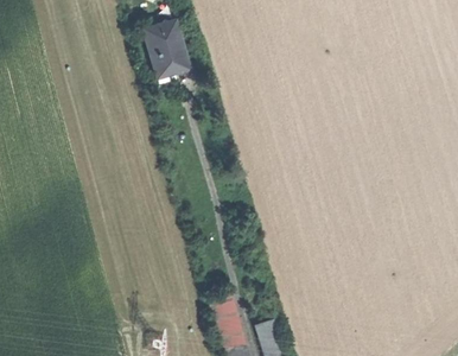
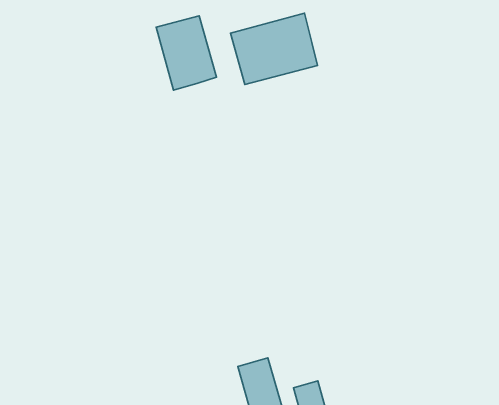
building: none -> [231,13,317,85]

